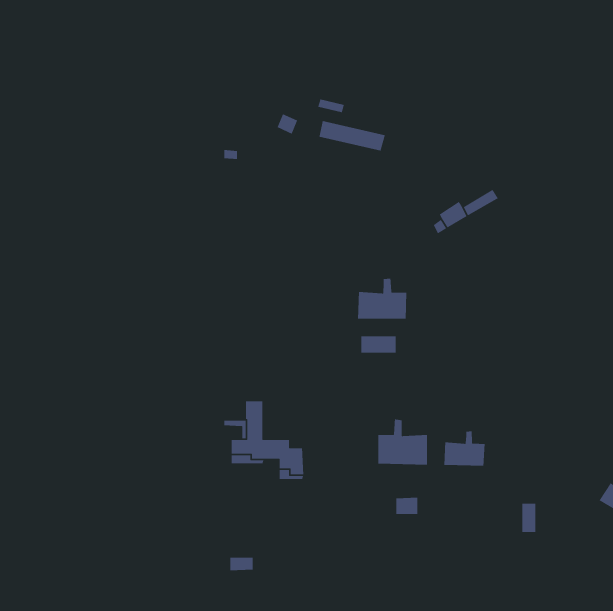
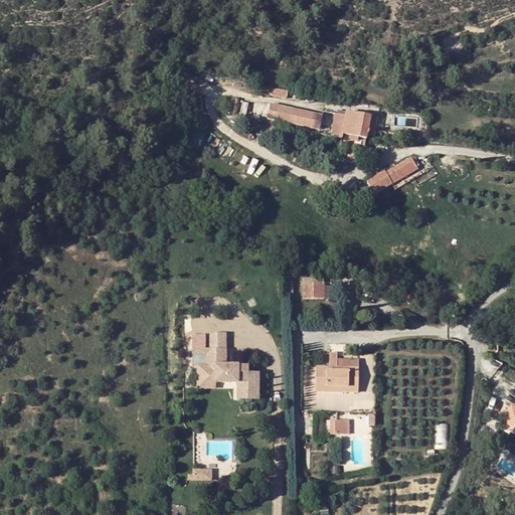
building: none -> [332,110,379,136]
building: [357,278,407,319] -> none
building: [443,431,485,467] -> none

